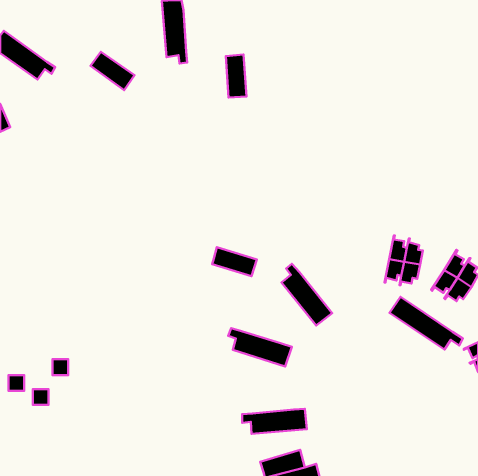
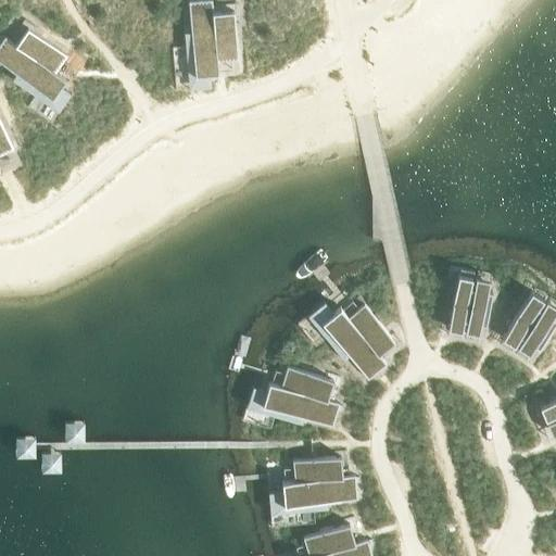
building: [91,52,135,90] -> [15,29,66,74]
building: [226,54,246,97] -> [213,12,237,62]
building: [212,247,257,276] -> [280,367,332,401]
building: none -> [348,305,393,356]
building: [390,297,463,349] -> none
building: none -> [292,457,341,482]

